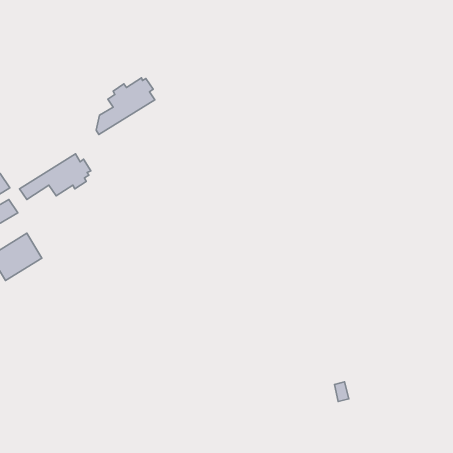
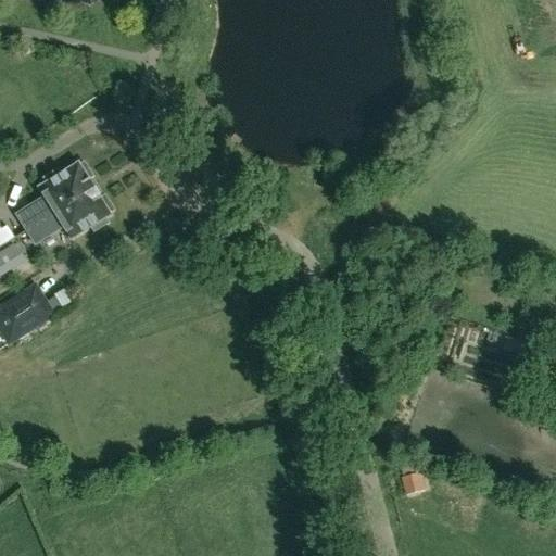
building: [96,78,155,135] -> [21,161,92,230]

